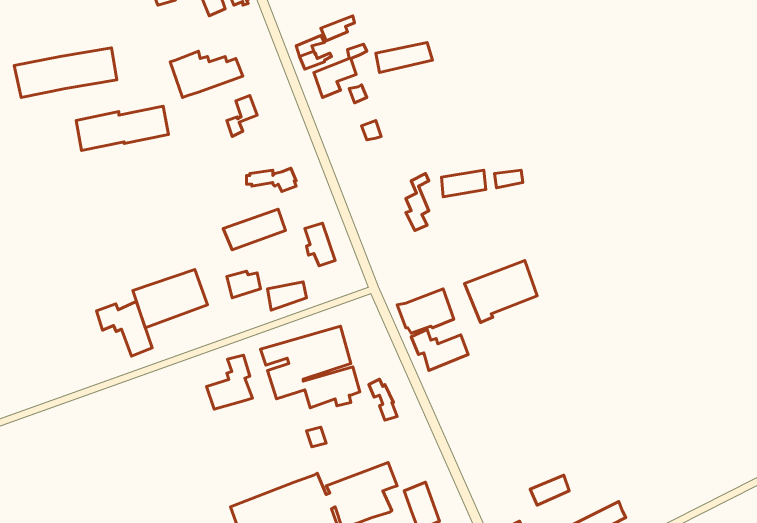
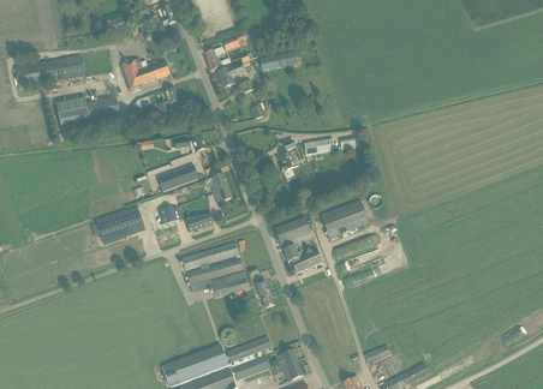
building: [97,301,152,356] -> none
building: [207,355,252,409] -> none

